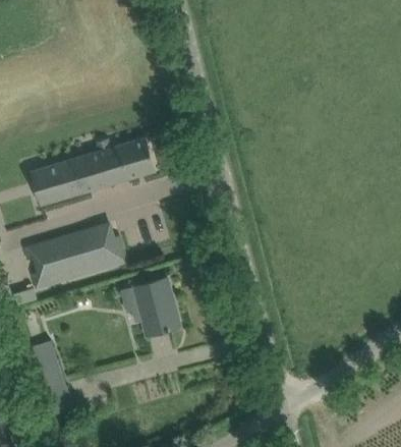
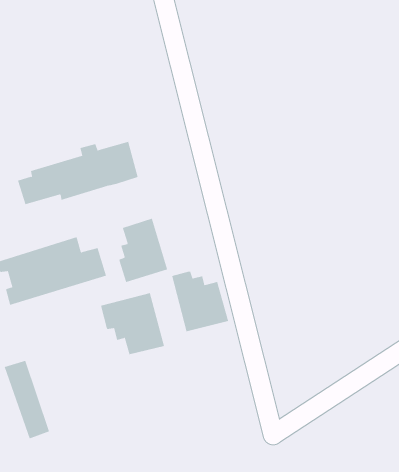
building: none -> [119,218,168,283]
building: none -> [172,271,229,332]

